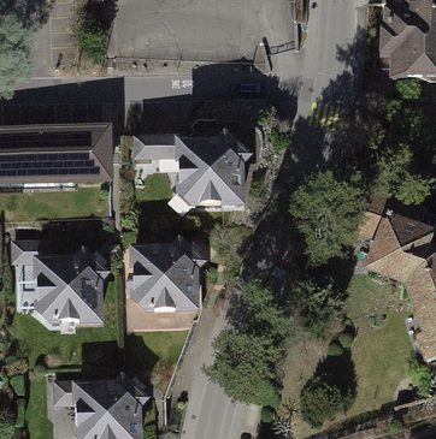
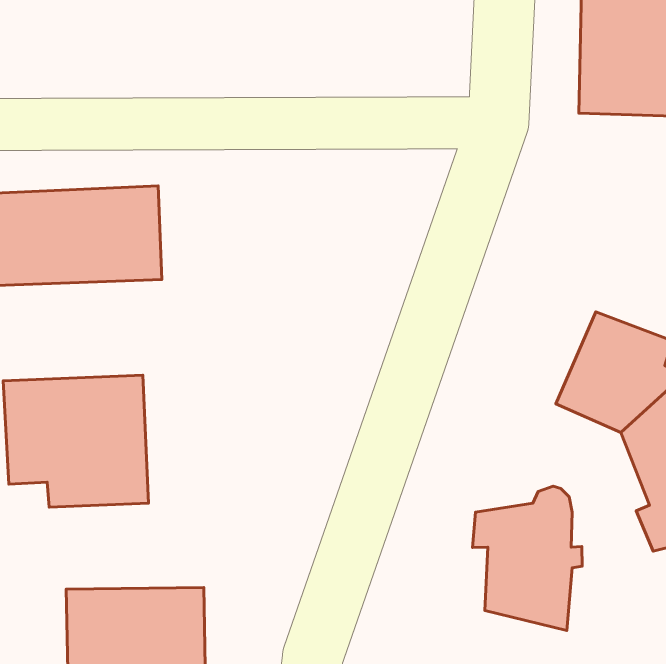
building: [140,134,254,204] -> none
building: [132,244,205,318] -> none
building: none -> [473,486,582,631]

